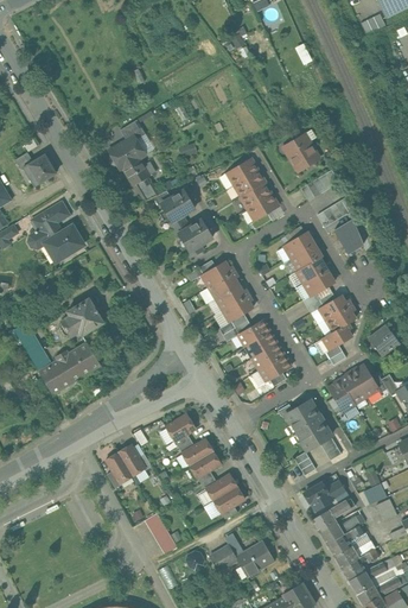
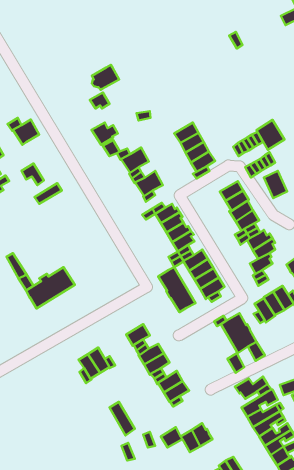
building: [283,134,319,172] -> [257,120,285,150]
building: [109,137,144,169] -> [92,65,119,90]
building: [28,226,78,253] -> none
building: [60,298,103,337] -> none
building: none -> [158,267,196,312]

